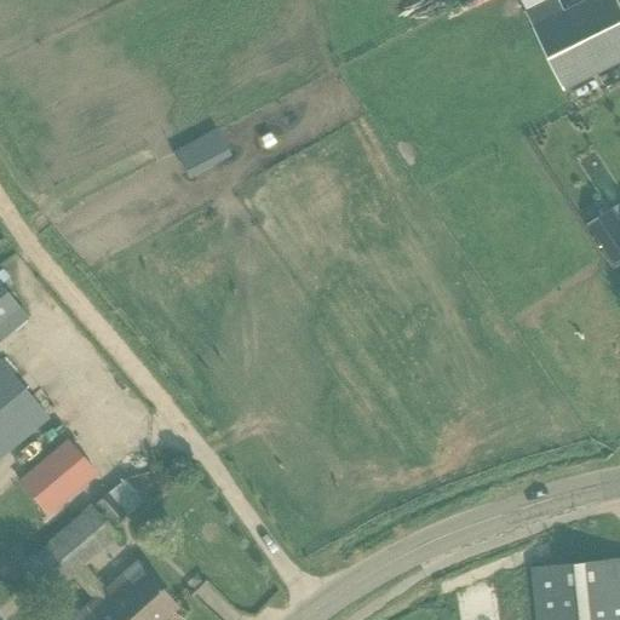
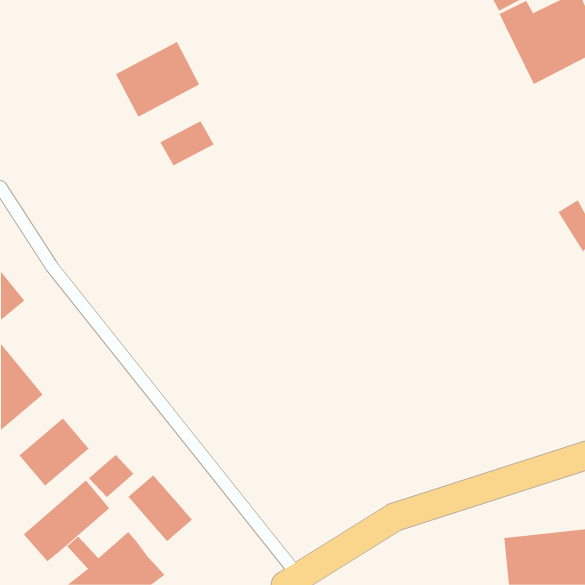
building: none -> [115,41,200,118]
building: none -> [128,474,193,542]

